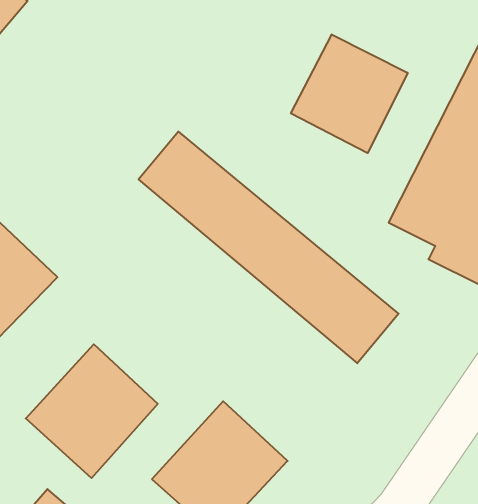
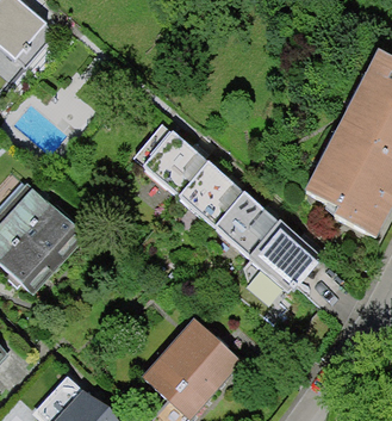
building: [291,34,408,153] -> none
building: [26,344,158,478] -> none

